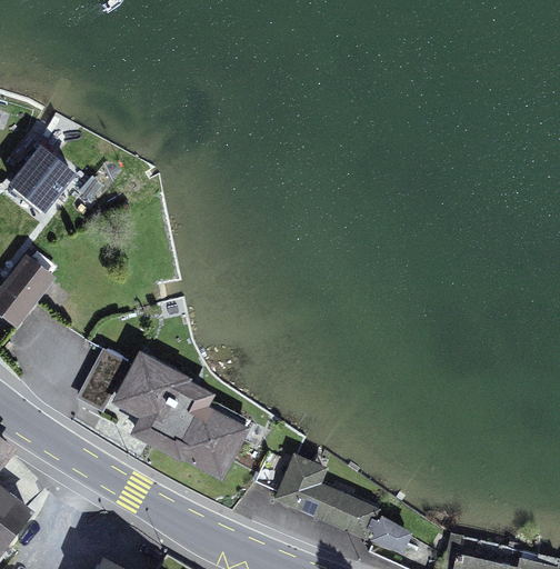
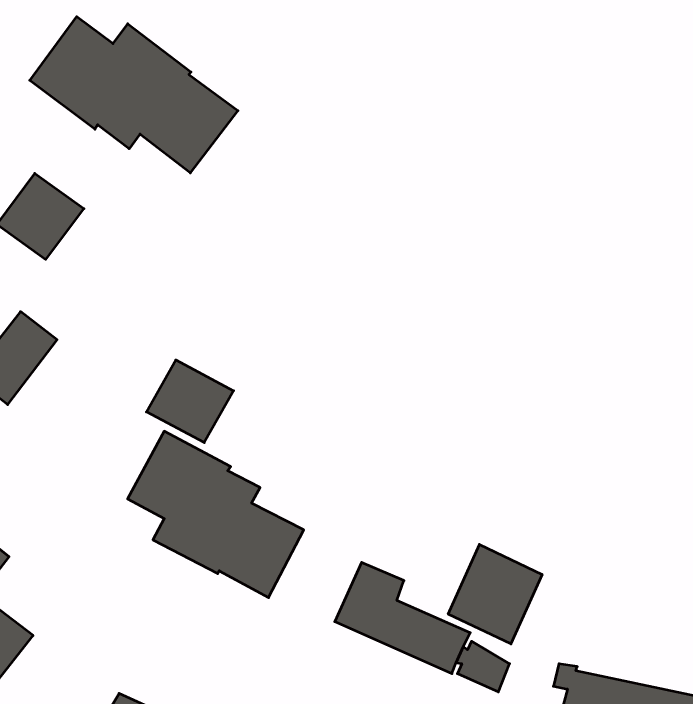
building: none -> [30,17,238,173]
building: none -> [146,360,234,443]
building: none -> [448,544,542,644]

